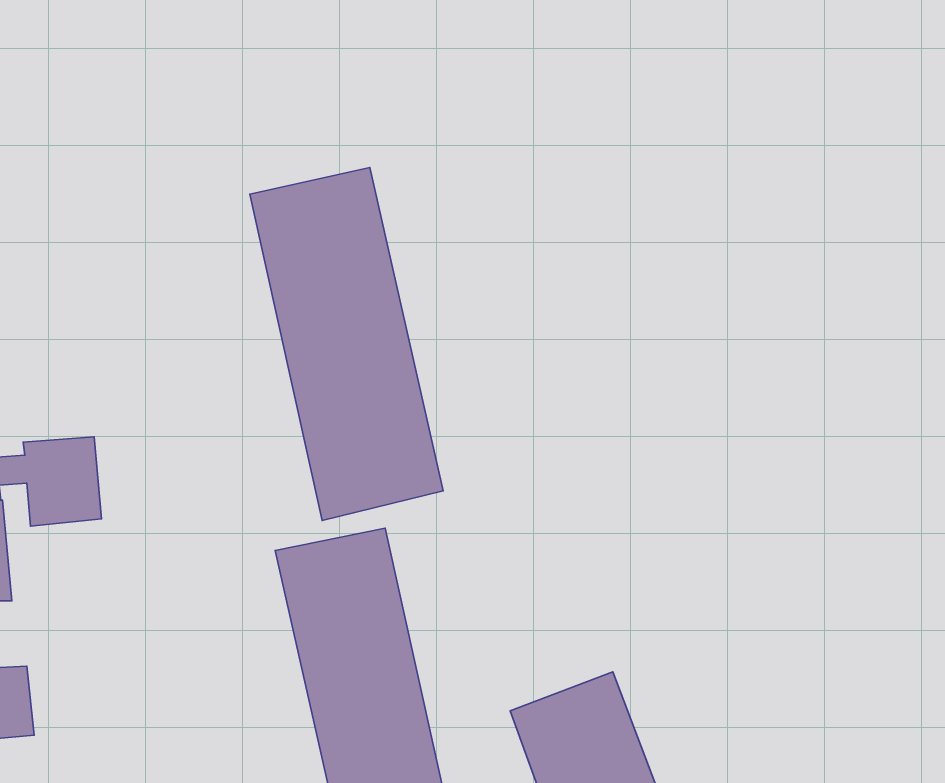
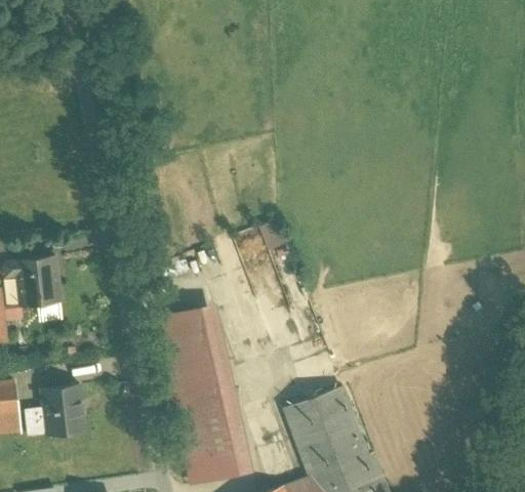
building: [250,167,443,521] -> none
building: none -> [26,387,88,440]

